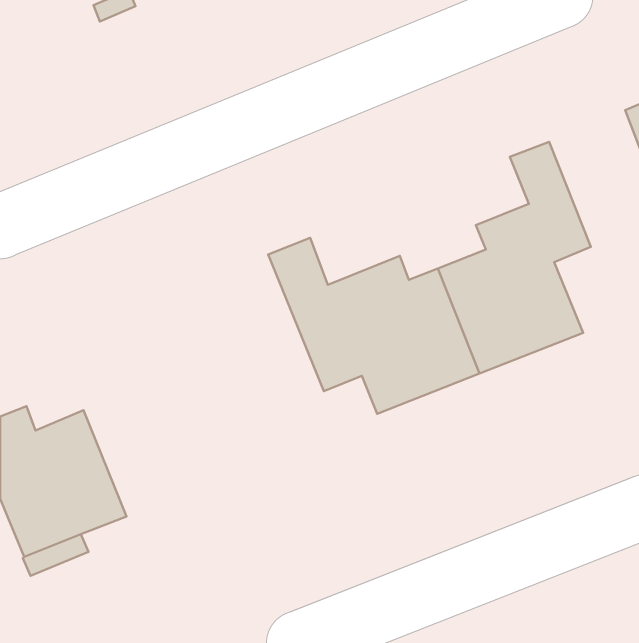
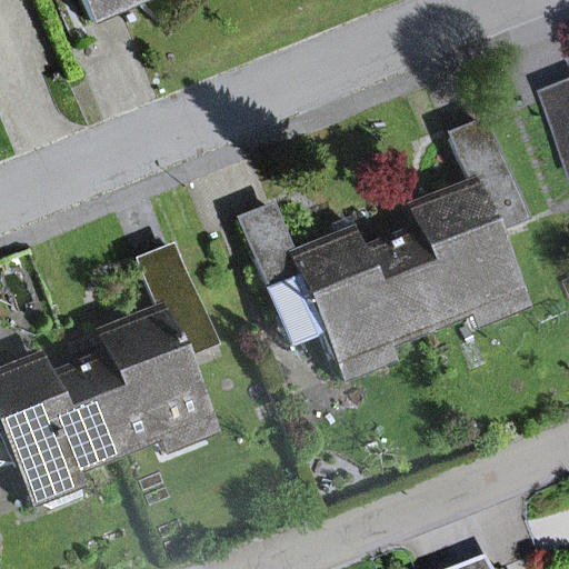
building: none -> [80,250,214,453]

